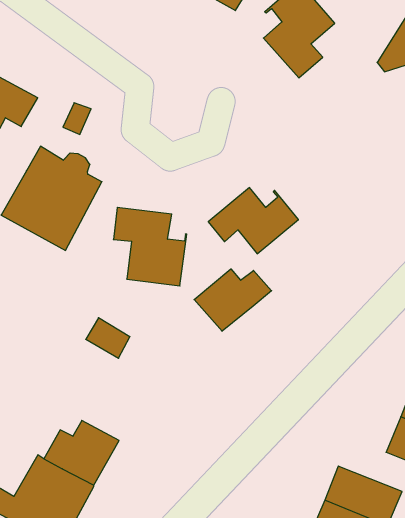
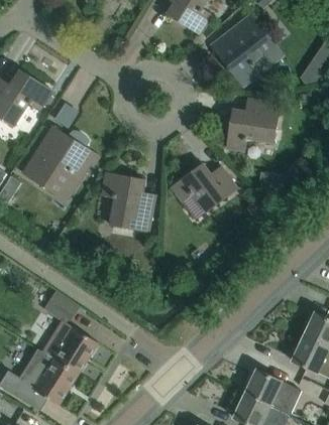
building: none -> [226,98,280,150]
building: [194,269,272,331] -> none
building: [86,318,130,358] -> [43,294,76,324]

